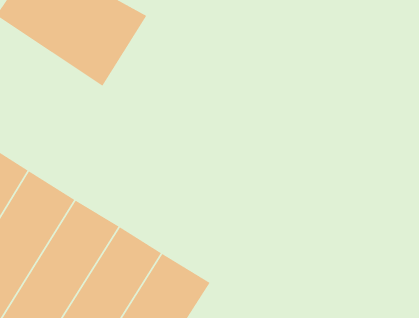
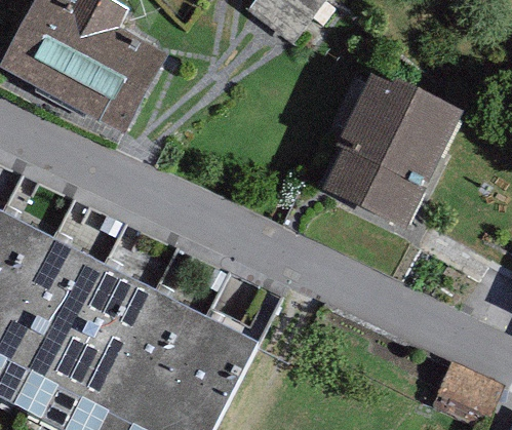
building: none -> [320,73,462,230]

